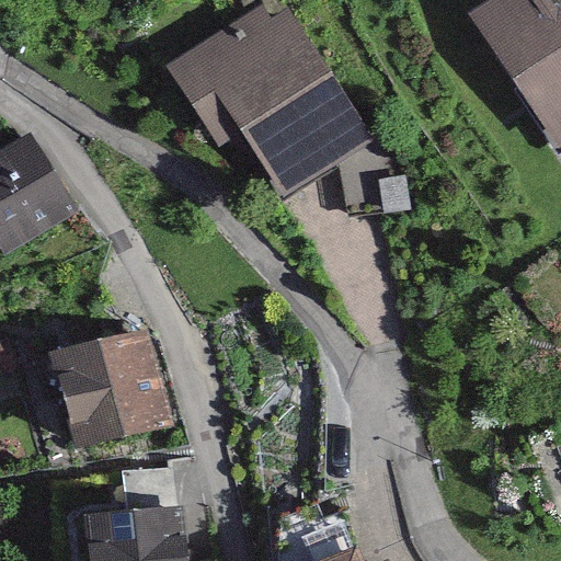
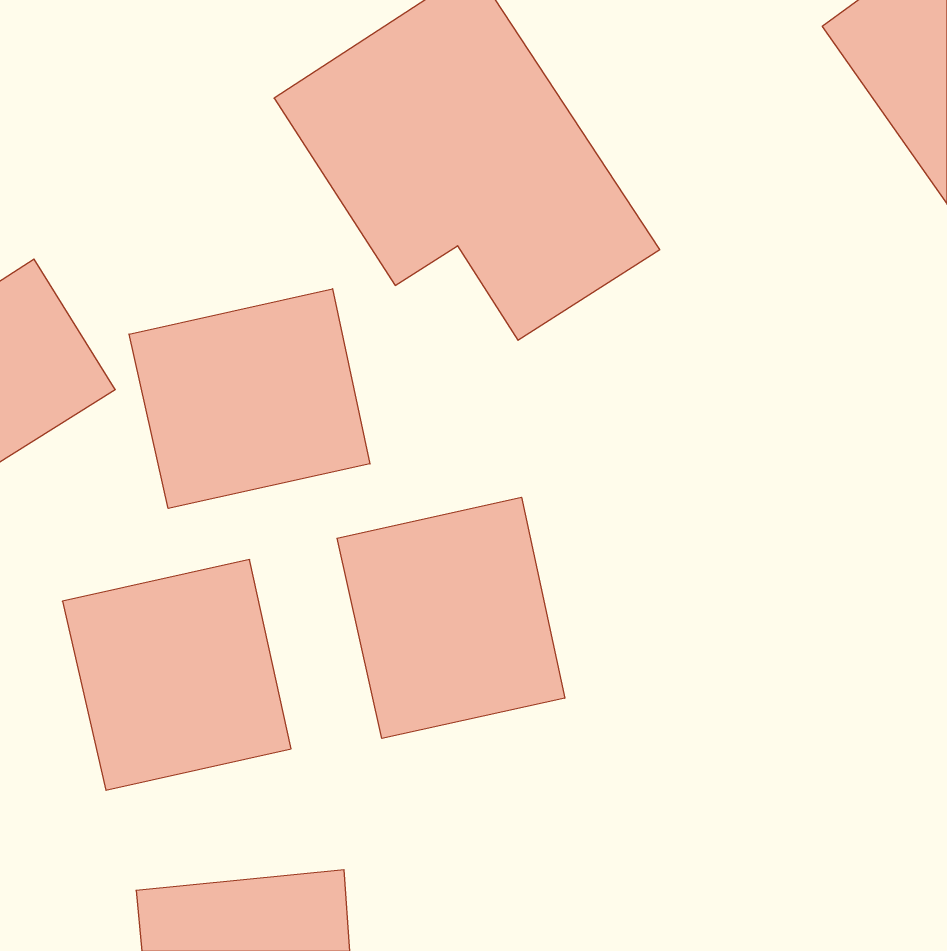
building: none -> [129,289,370,508]
building: none -> [337,497,565,738]

